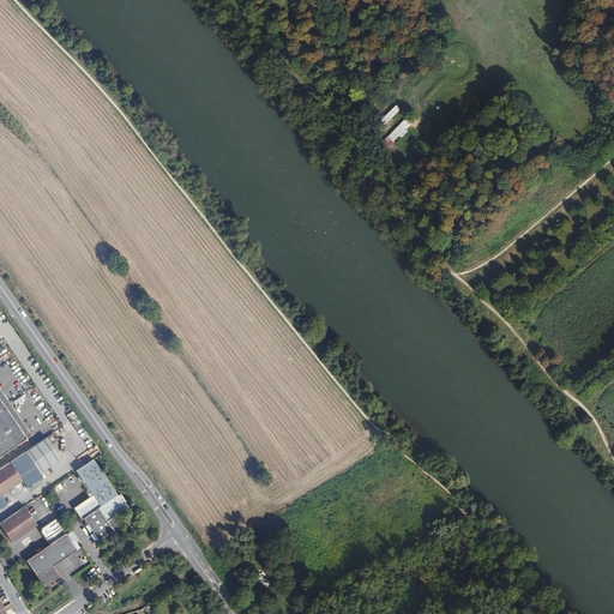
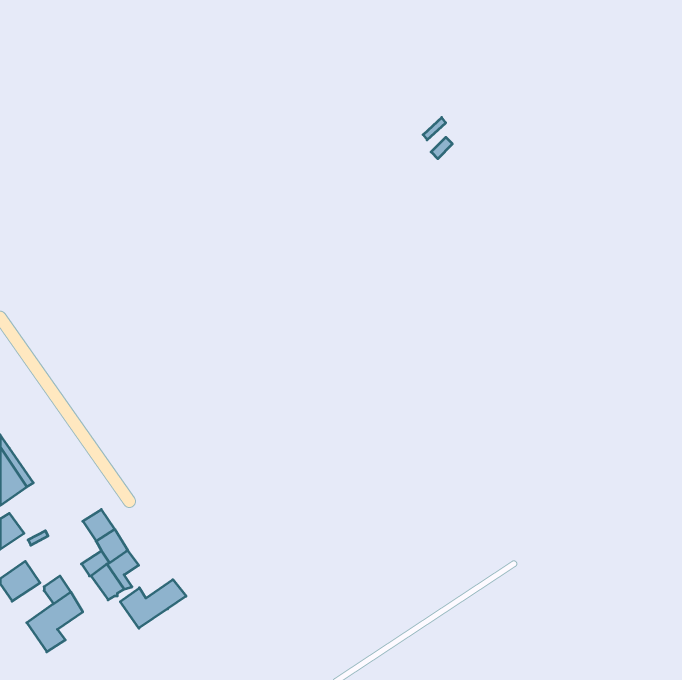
building: [23,438,59,474] -> none
building: none -> [120,580,186,628]

